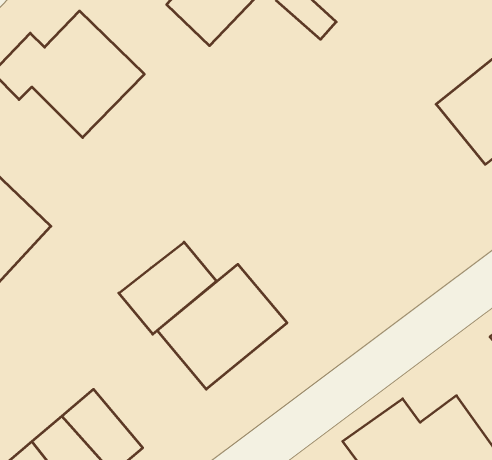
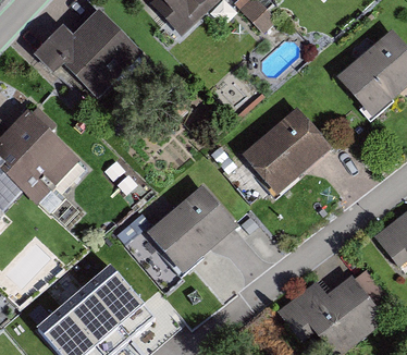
building: none -> [247,109,331,189]
building: [119,242,216,334] -> none

